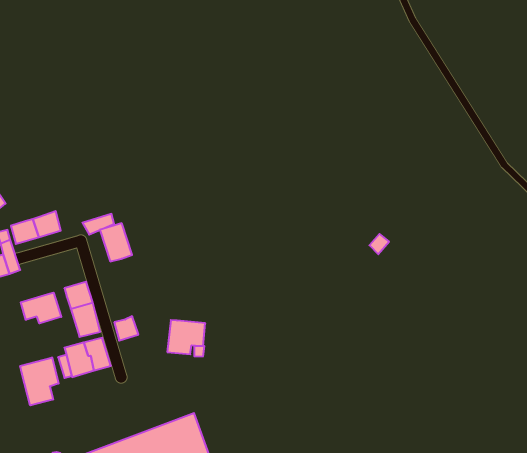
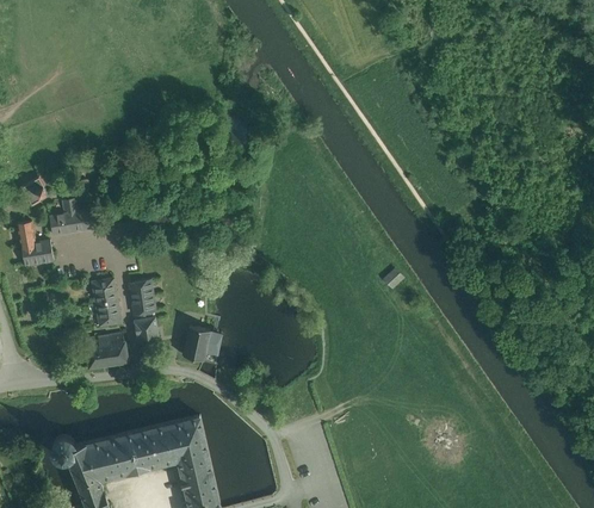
building: [100,223,132,261] -> [128,280,155,315]
building: [21,293,61,323] -> none
building: [20,357,59,405] -> none

